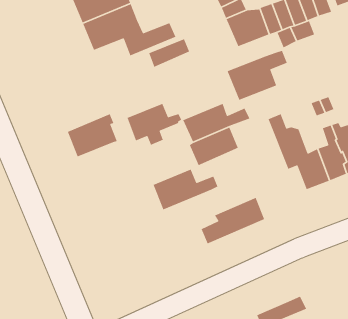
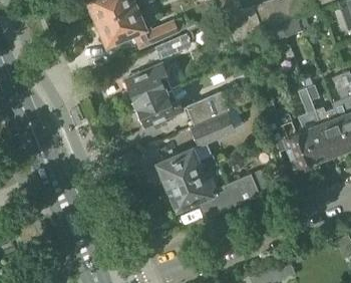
building: [227,50,288,101] -> none
building: [67,113,118,157] -> [126,65,171,104]
building: none -> [167,169,214,209]

